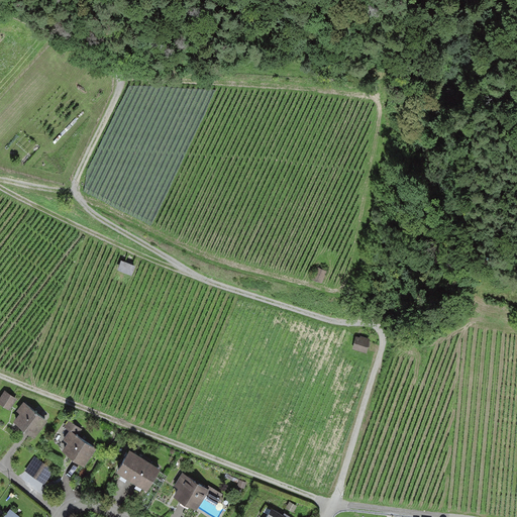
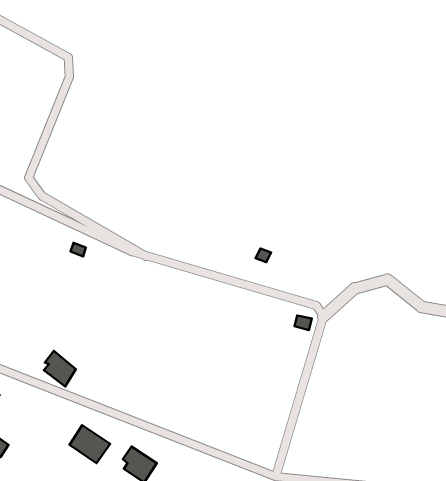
building: [63,430,96,468] -> [44,351,76,387]

